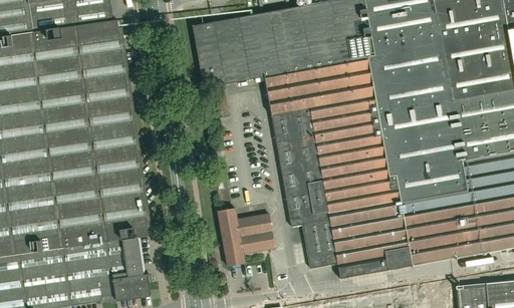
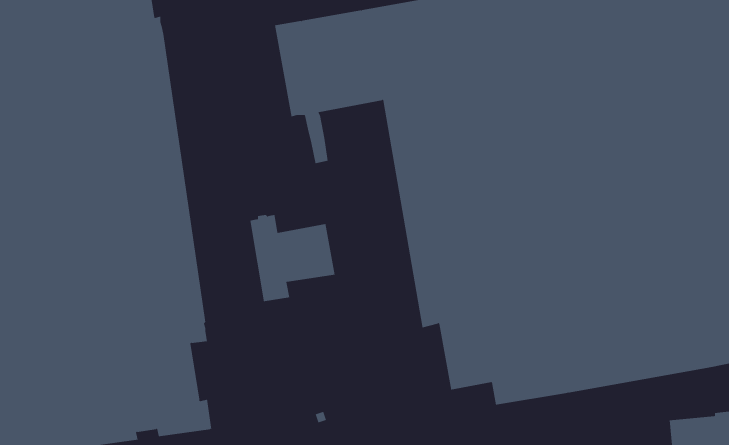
building: [218,207,275,265] -> [249,214,335,302]

